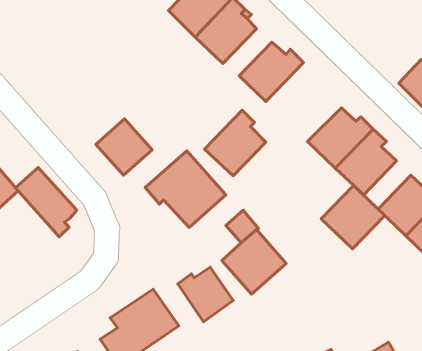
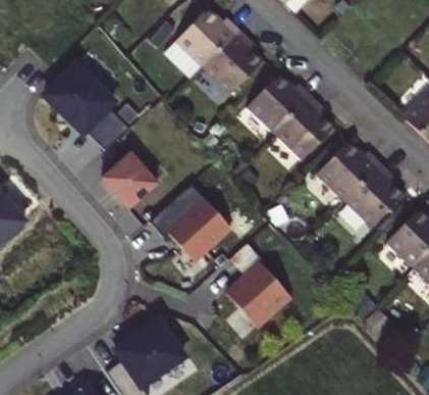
building: none -> [49,61,130,150]
building: [204,110,266,176] -> [271,95,332,160]
building: [16,167,77,237] -> none
building: [321,185,385,249] -> none
building: [178,267,233,322] -> none

